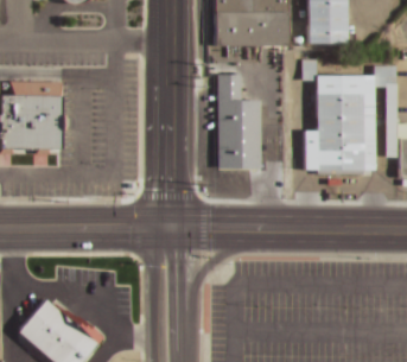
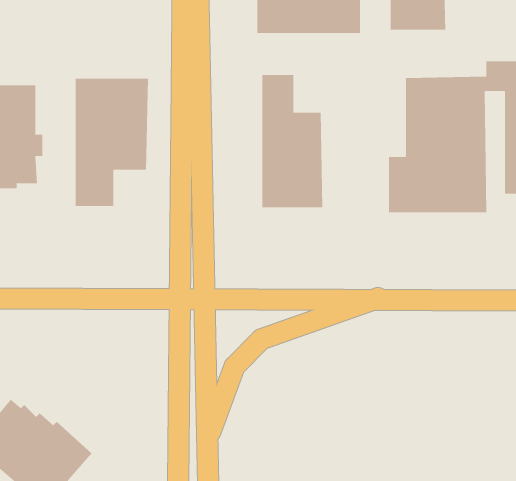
building: none -> [75,78,149,207]

